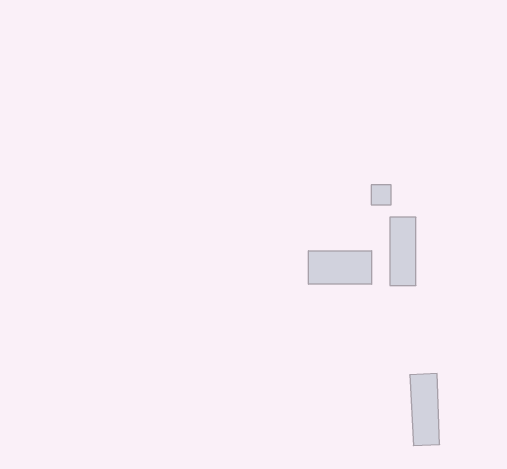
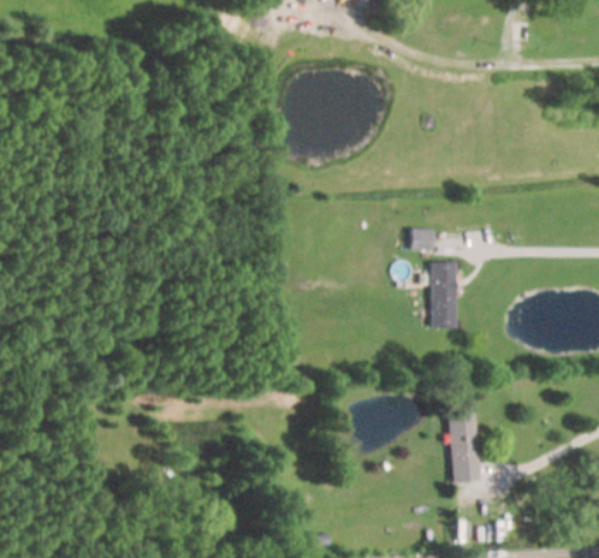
building: [309,251,372,284] -> none

